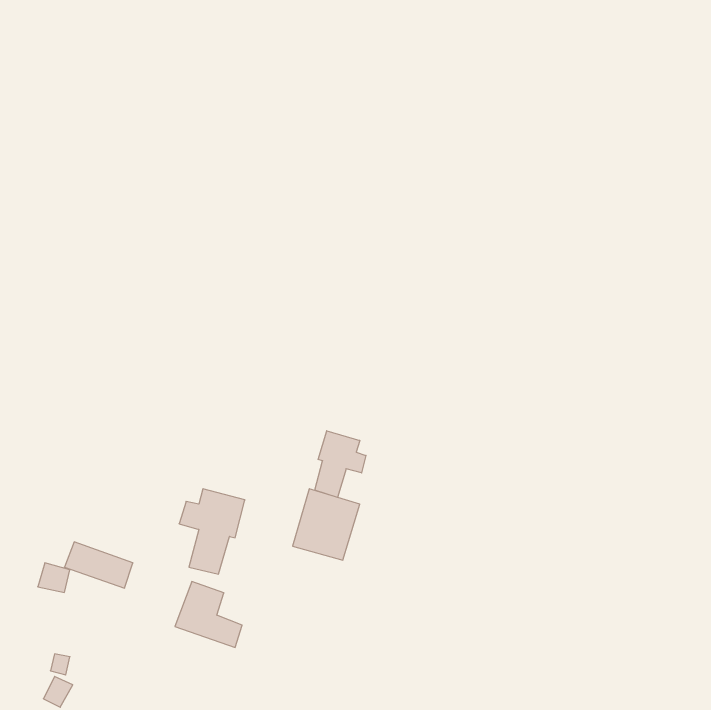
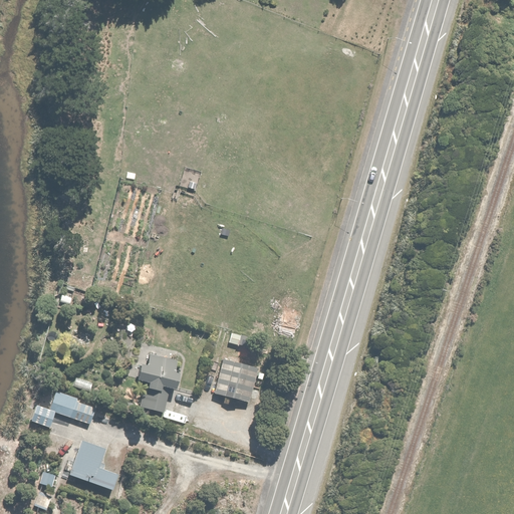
building: [315,431,366,497] -> none
building: [175,582,242,647] -> [72,441,120,488]

